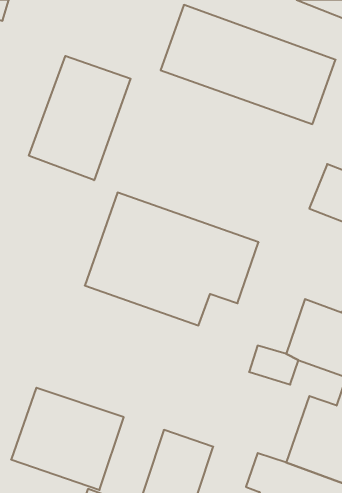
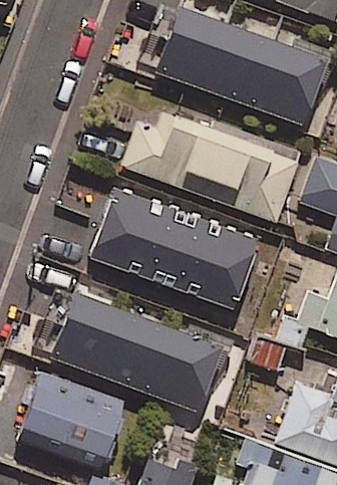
building: [29,56,131,180] -> none
building: none -> [123,105,298,222]
building: none -> [53,292,223,410]

